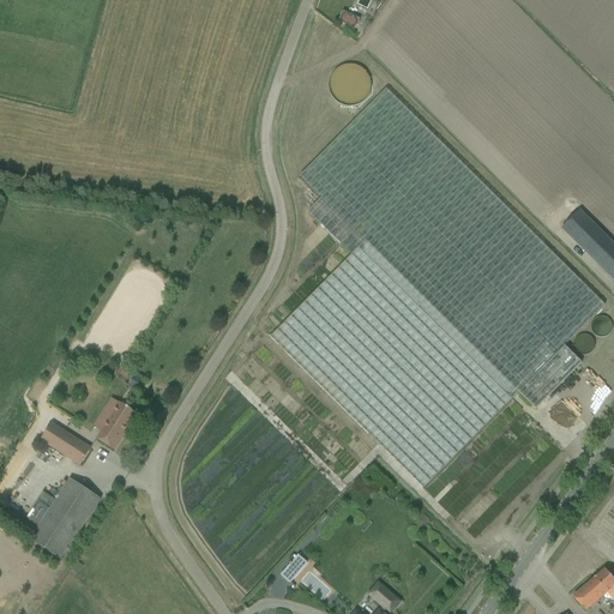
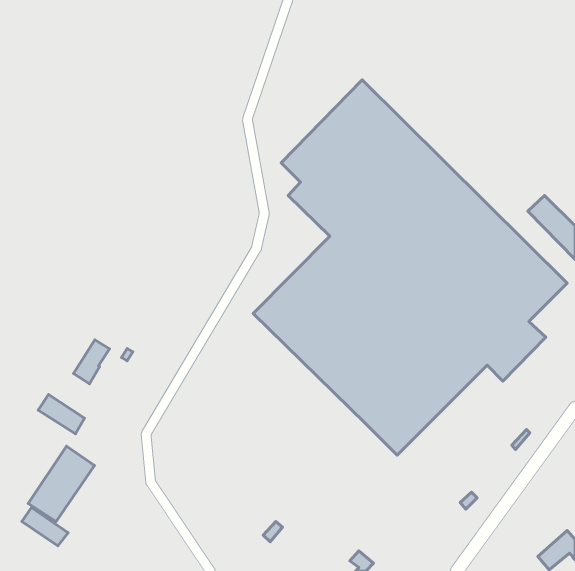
building: [97,401,136,447] -> [74,340,110,384]
building: none -> [22,508,68,546]

